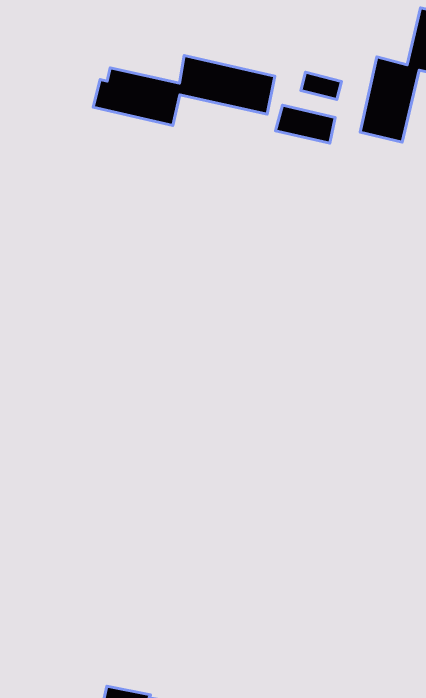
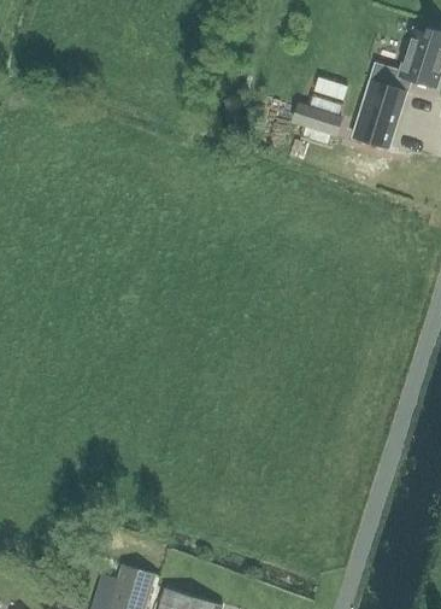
building: [93,56,275,126] -> none

